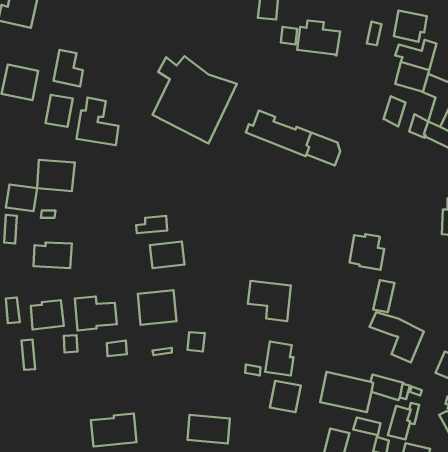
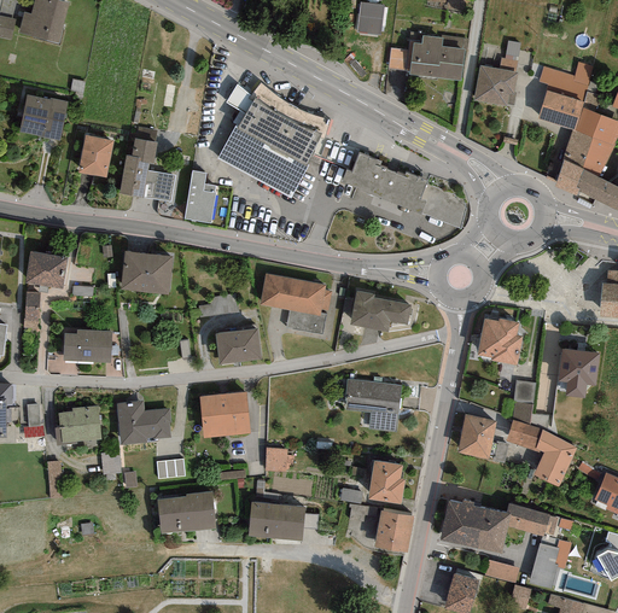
building: [394,11,427,42] -> [473,66,517,107]
building: [53,50,83,86] -> none
building: [384,96,406,126] -> [562,129,591,169]
building: none -> [183,170,217,222]
building: [37,160,75,191] -> [123,252,173,293]
building: none -> [258,273,332,335]
building: none -> [349,290,410,332]
building: none -> [558,348,599,396]
building: none -> [457,414,496,457]
building: [91,414,137,447] -> [156,490,216,533]
building: [188,415,230,443] -> [249,503,304,541]

